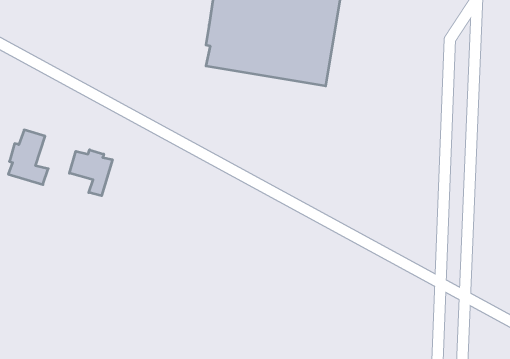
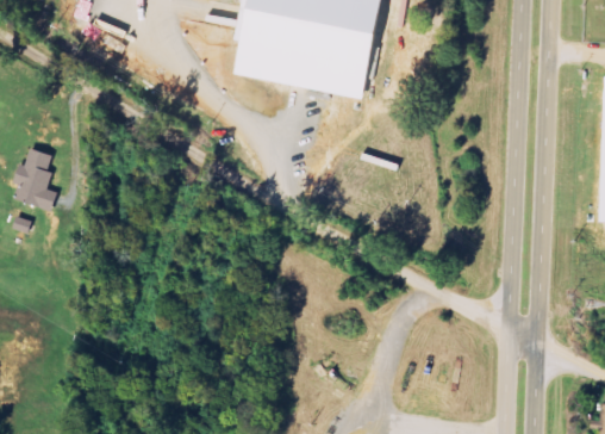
building: [69,150,112,196] -> none

